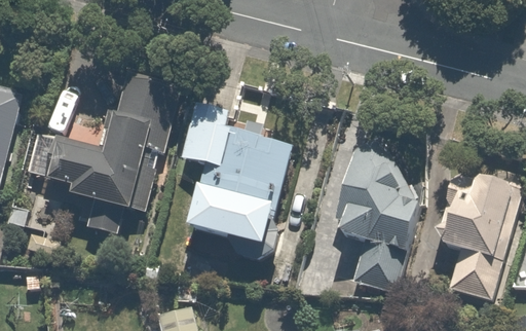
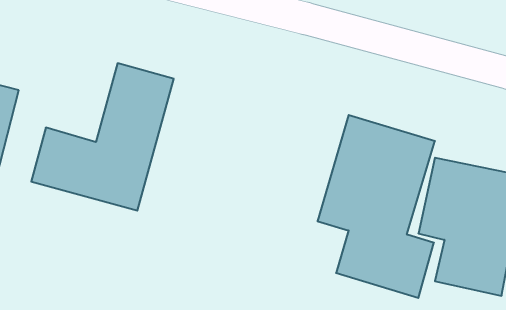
building: [179,98,294,254] -> none

